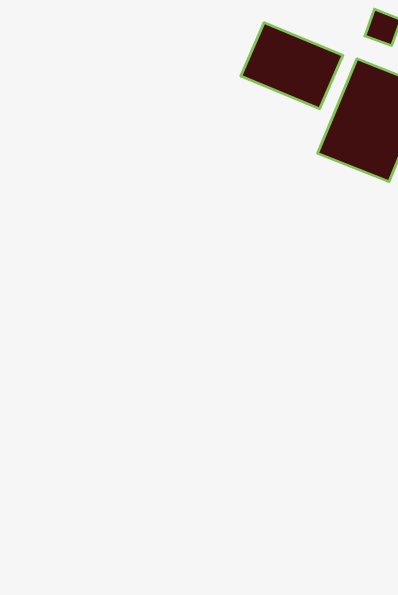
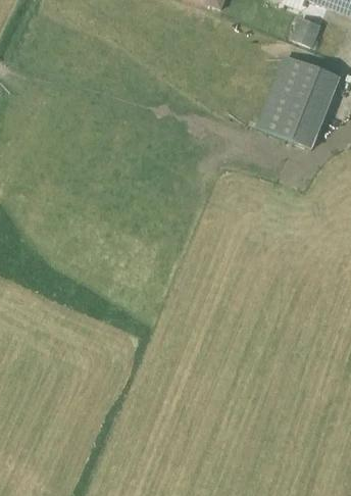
building: [241,23,343,109] -> none

